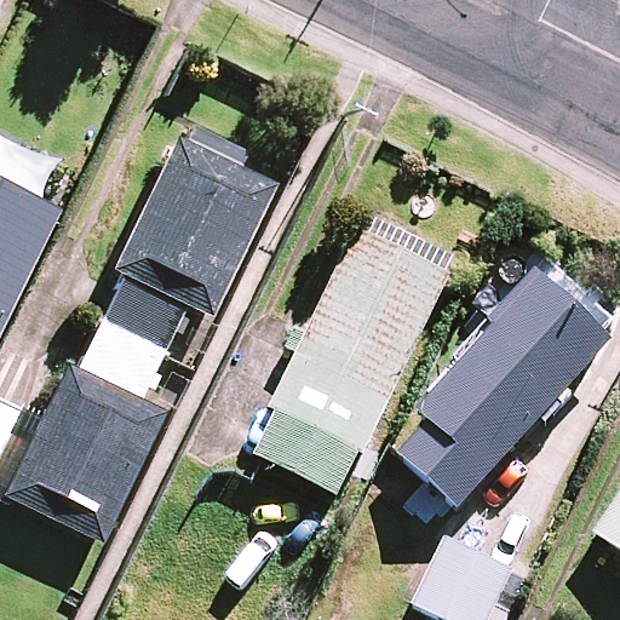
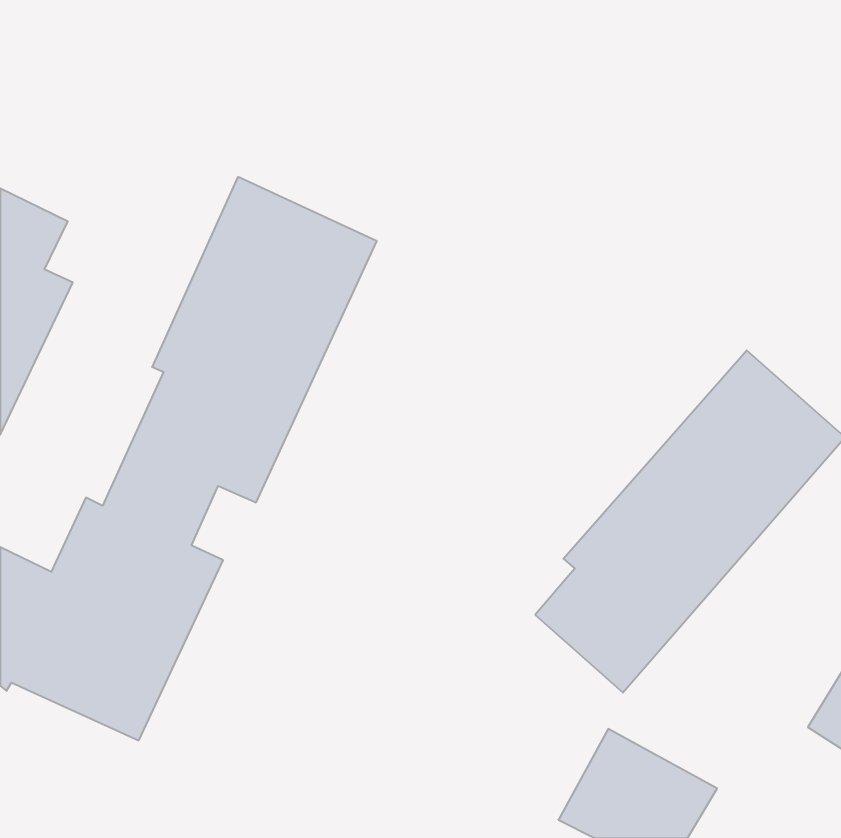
building: [254,213,457,494] -> none

